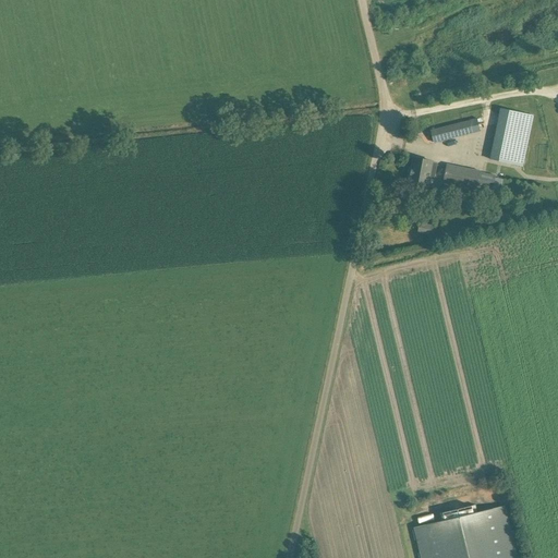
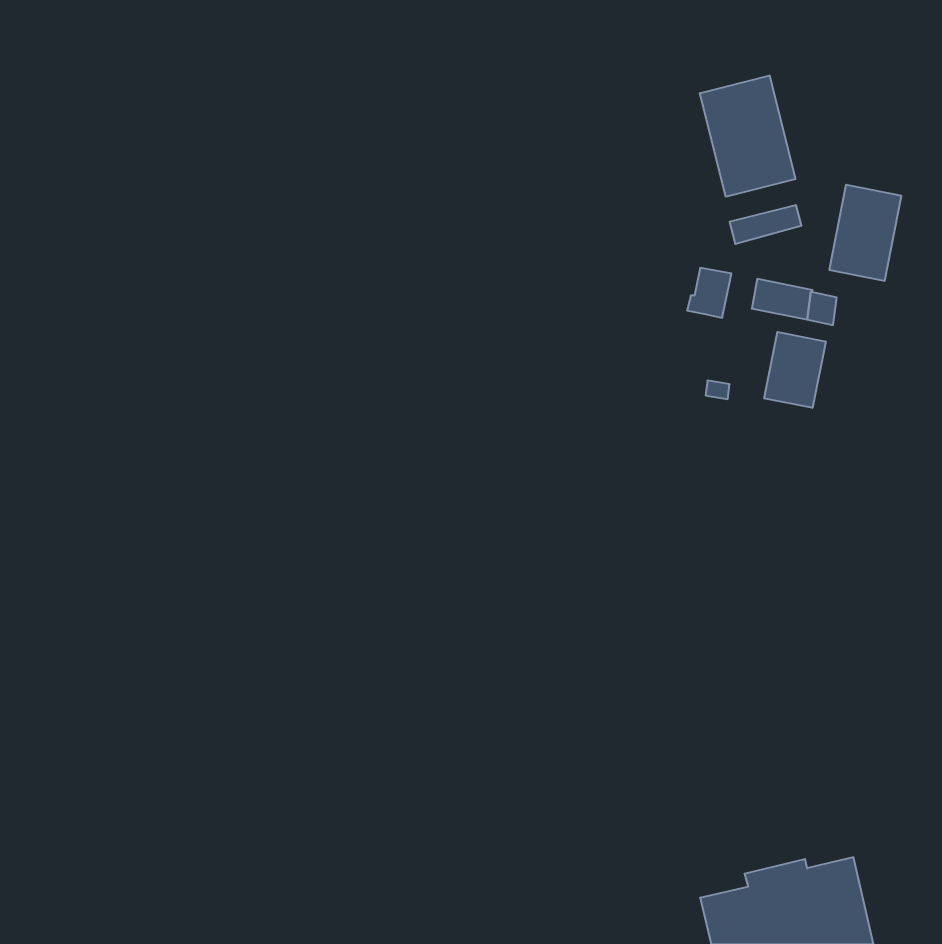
building: none -> [700,75,795,197]
building: none -> [764,332,826,408]

